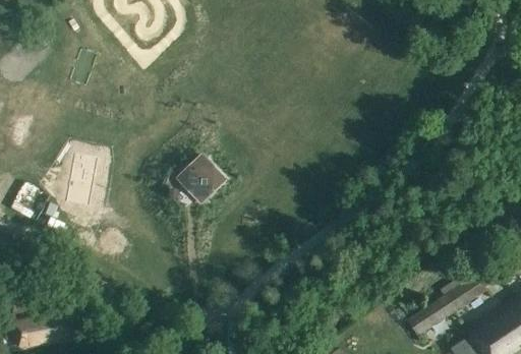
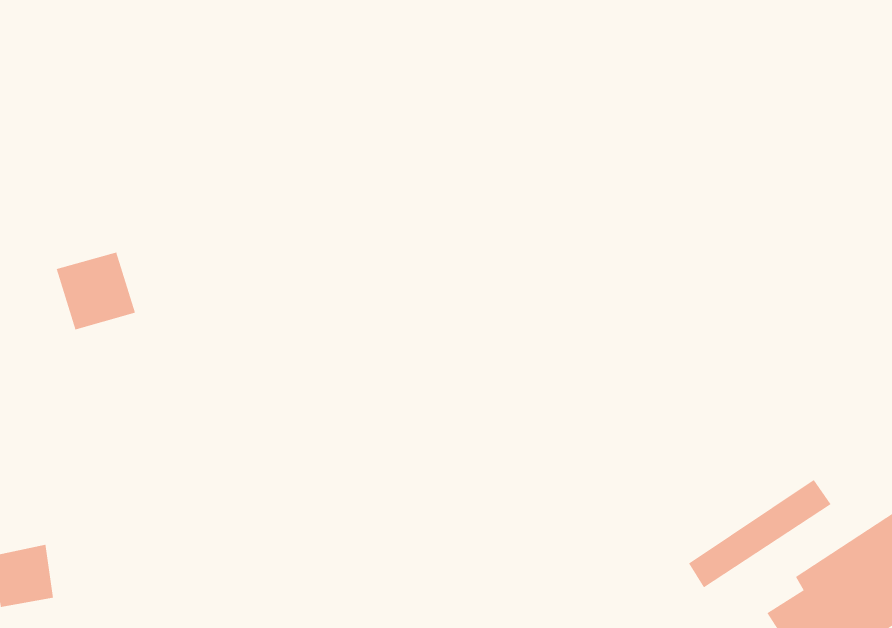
building: [177,155,224,201] -> none

